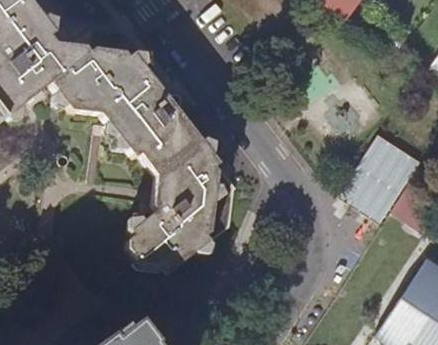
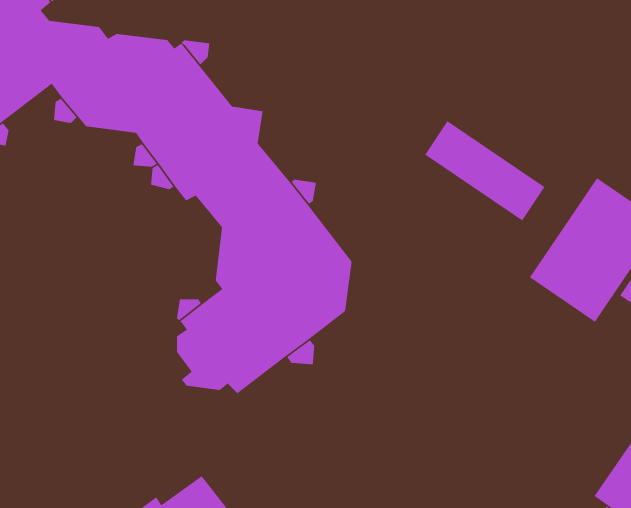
building: none -> [424,120,545,221]

